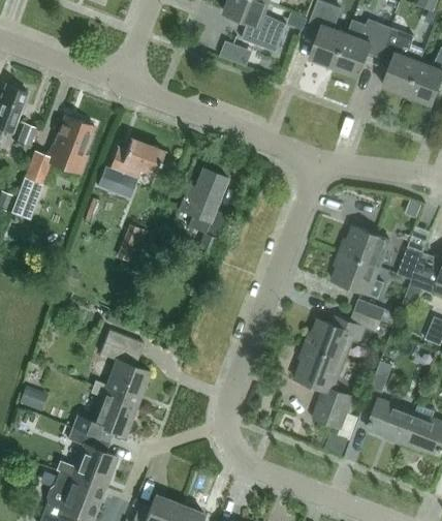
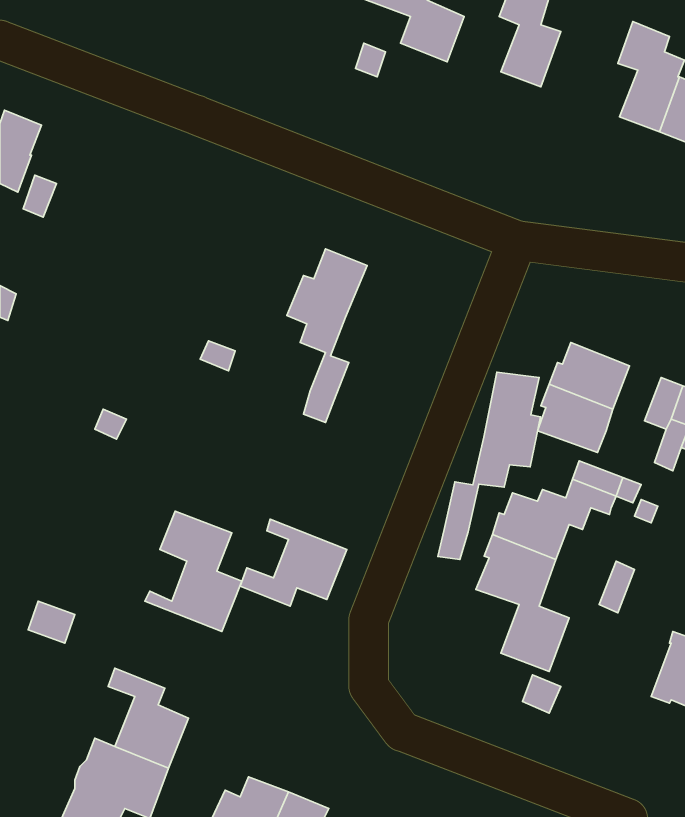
building: [335,19,391,76] -> none
building: [15,114,94,204] -> none
building: [97,139,163,197] -> none
building: none -> [438,372,540,559]
building: [71,386,137,439] -> [240,519,347,606]
building: [367,398,415,445] -> none

